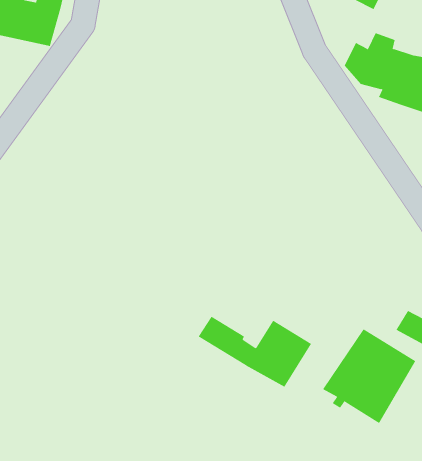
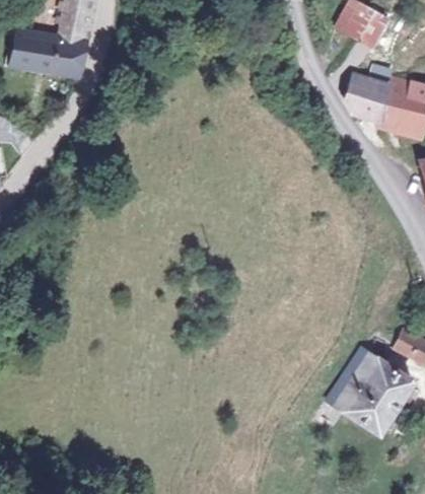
building: [198,316,312,387] -> none

